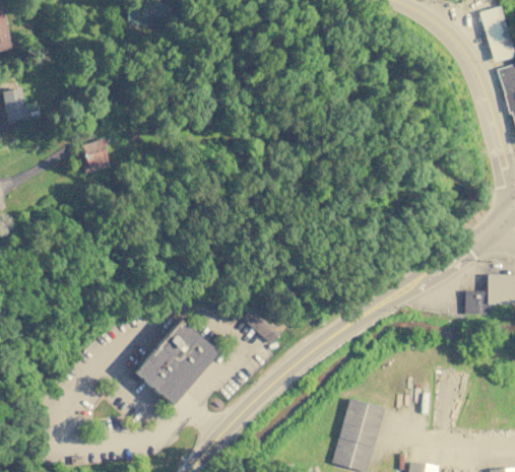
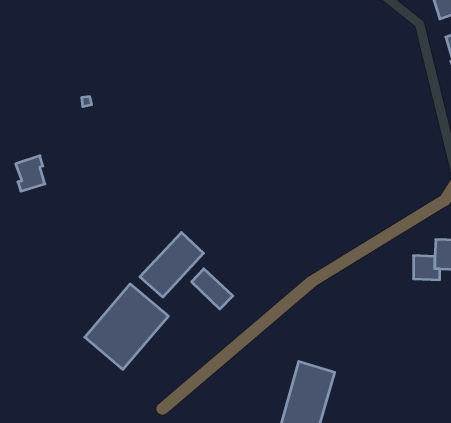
building: [80,137,110,173] -> [16,156,45,191]
building: none -> [140,232,204,297]

